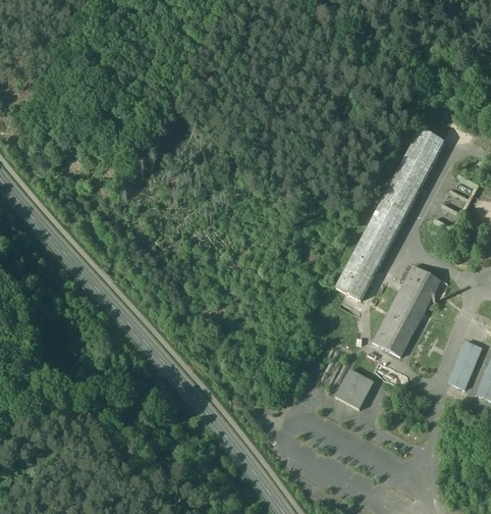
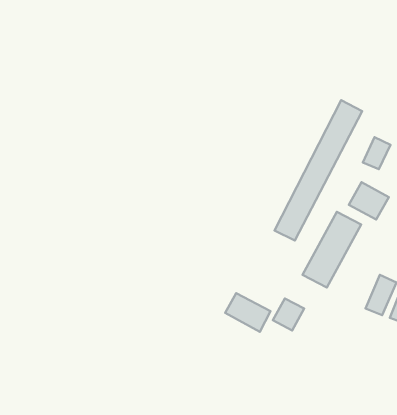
building: none -> [349,182,389,220]
building: none -> [225,293,271,332]

